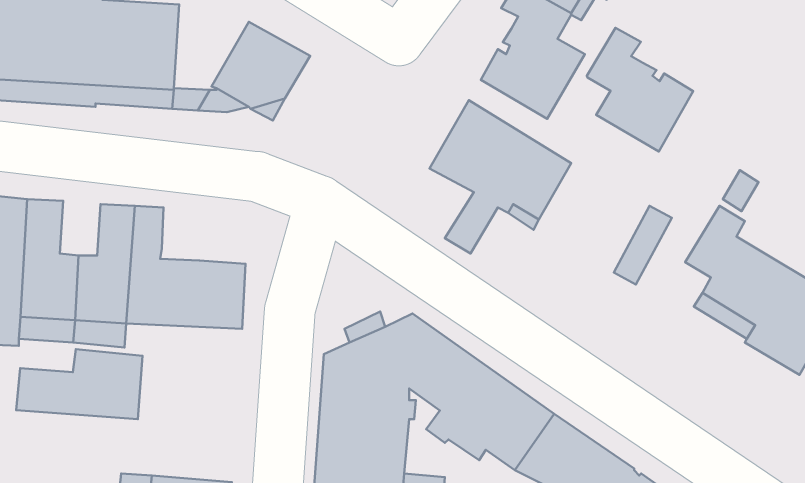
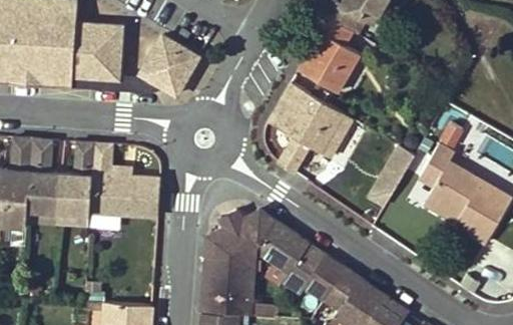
building: [587,28,693,151] -> none
building: [16,349,143,419] -> none

